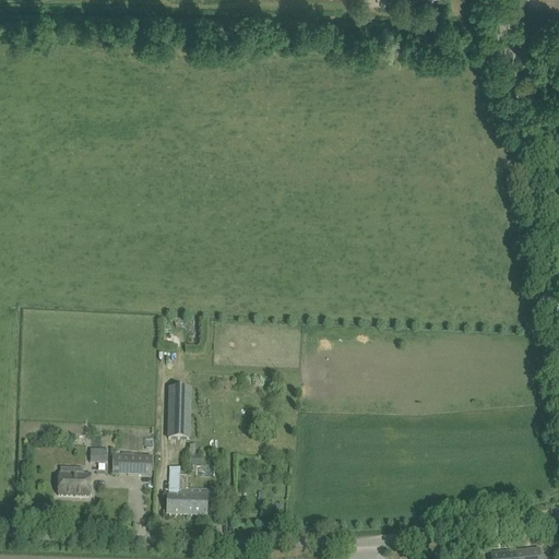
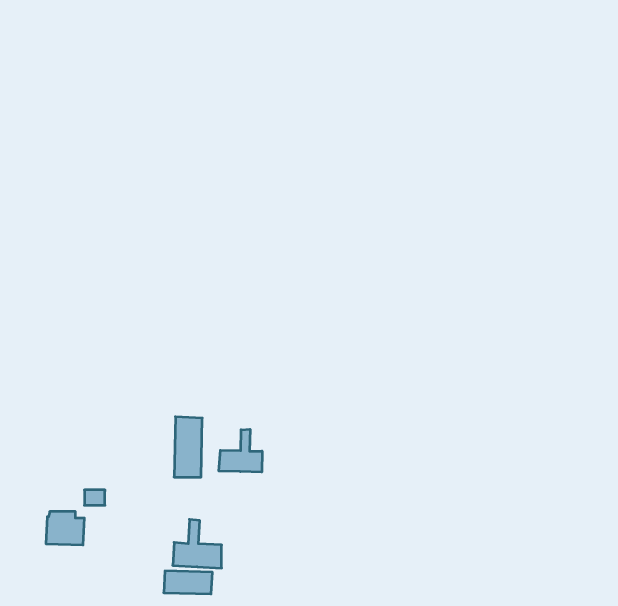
building: none -> [219,429,262,472]
building: [111,453,153,473] -> [164,571,212,594]

